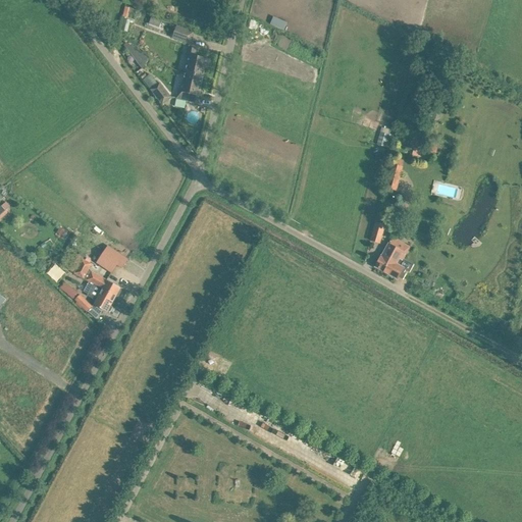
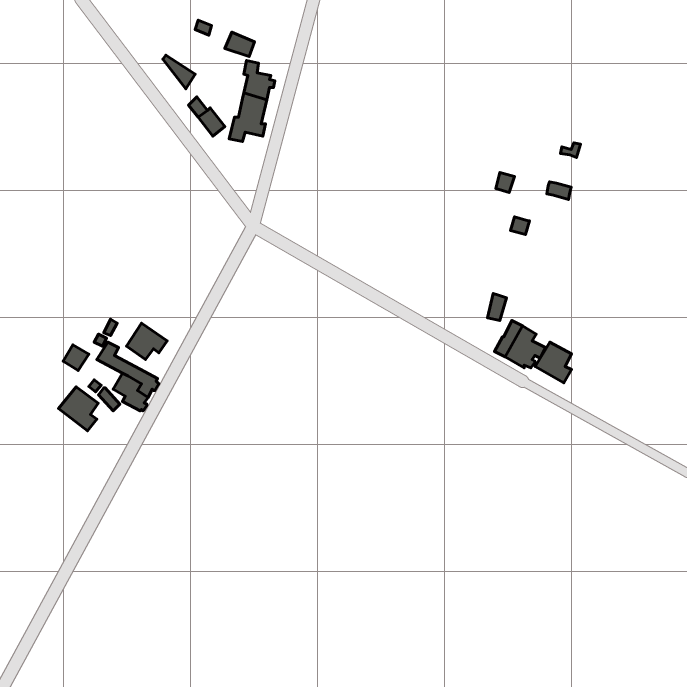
building: none -> [535,342,572,383]
building: none -> [58,387,98,431]

